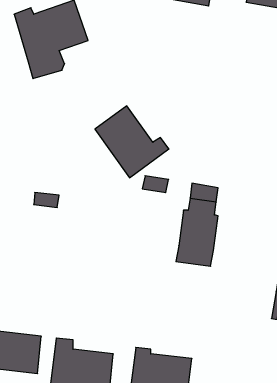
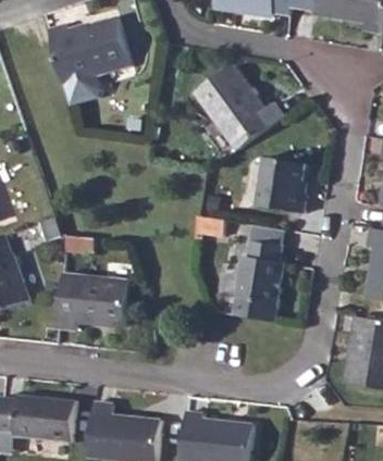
building: [95,106,169,178] -> [195,65,281,149]
building: none -> [255,155,302,212]
building: none -> [57,273,127,328]

